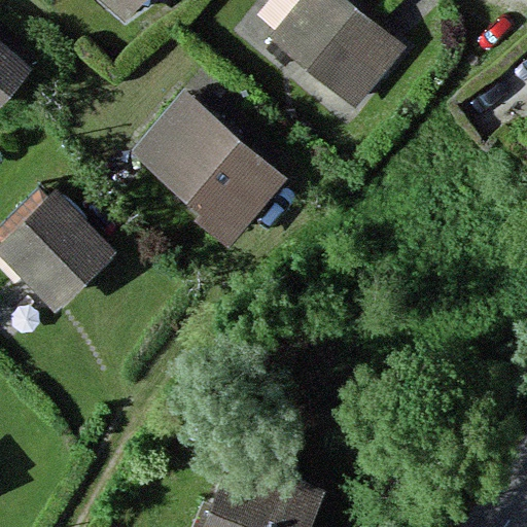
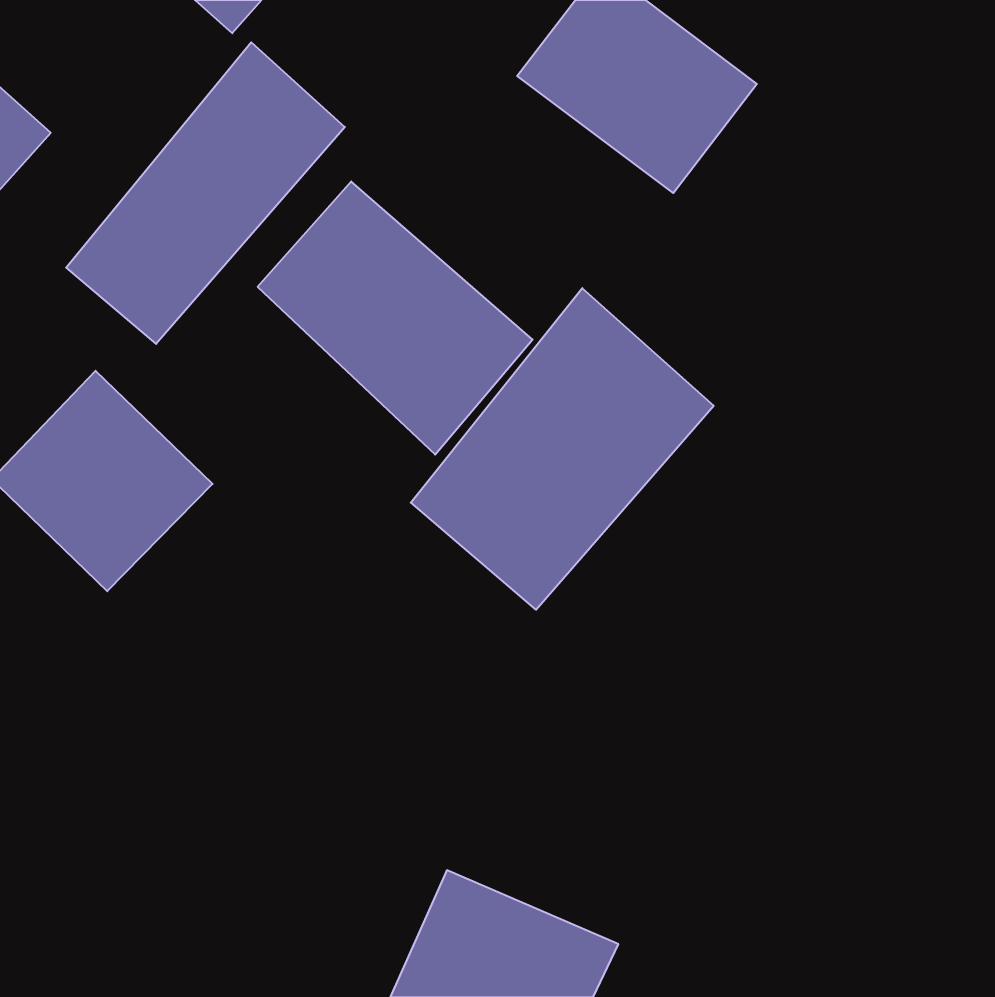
building: none -> [66,42,345,344]
building: none -> [411,288,714,610]

